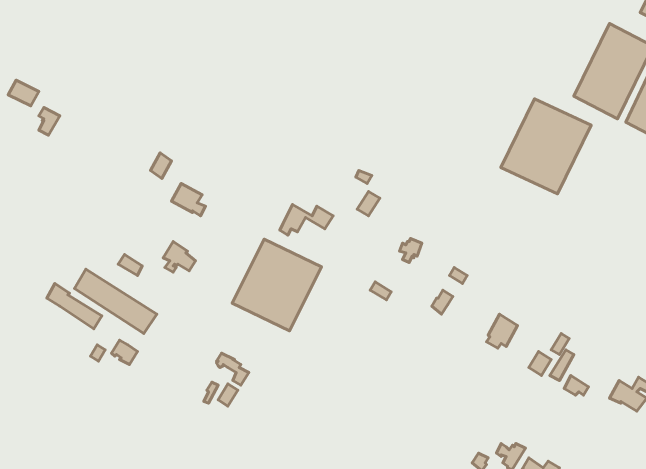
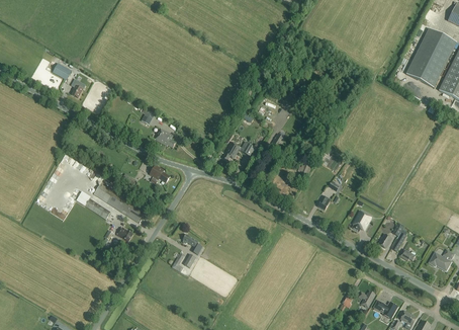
building: [501,99,591,194] -> none
building: [232,239,322,331] -> none

